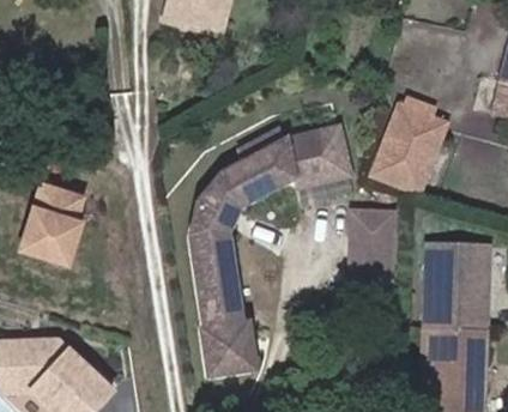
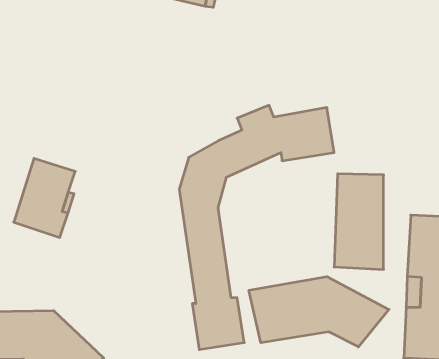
building: [367,91,442,190] -> none
building: none -> [249,277,389,347]

